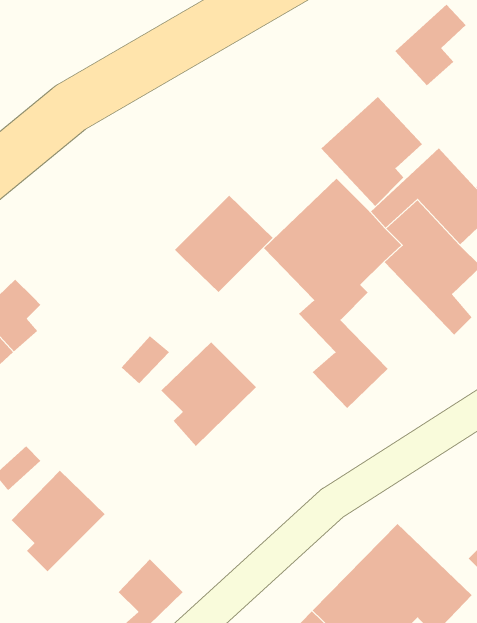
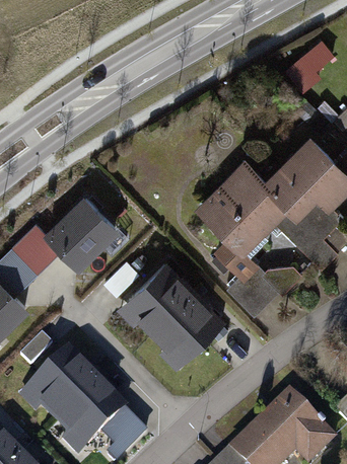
building: [321,96,423,207] -> none
building: [174,195,274,293] -> [47,200,113,264]
building: none -> [154,296,219,356]
building: none -> [56,380,124,444]

